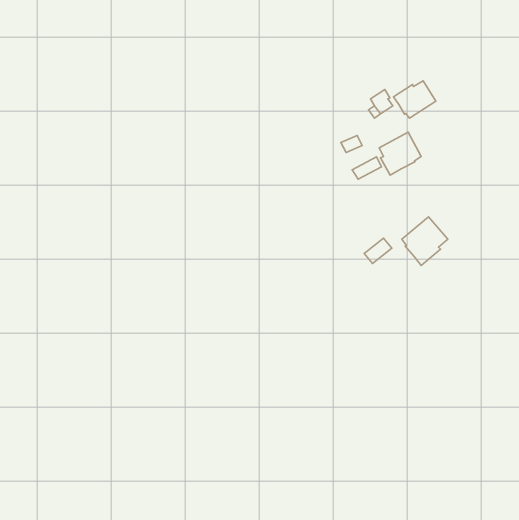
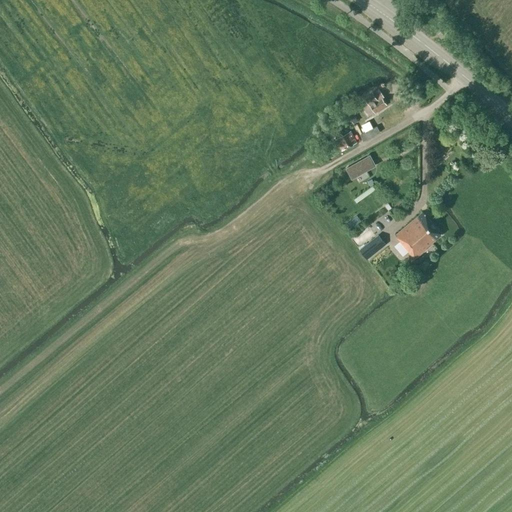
building: [393,81,436,118] -> none
building: [379,132,421,175] -> none

